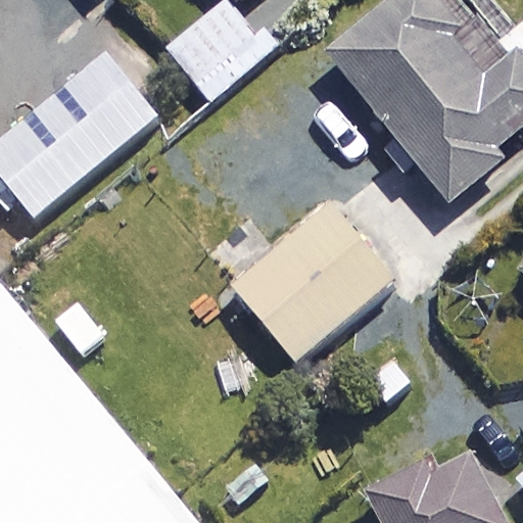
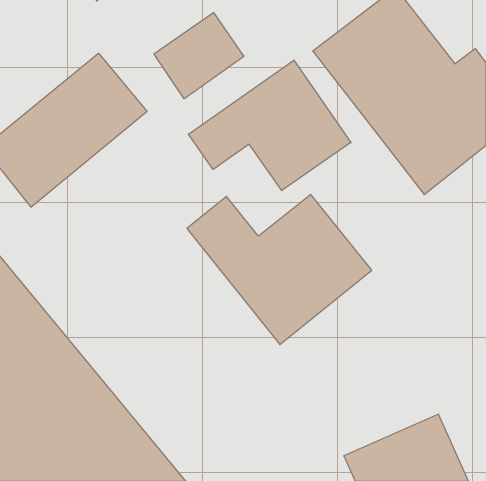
building: none -> [188,60,351,191]

